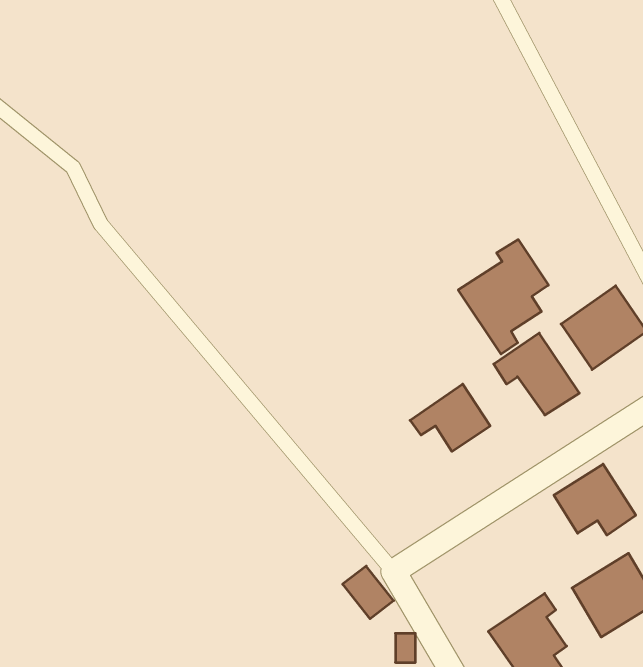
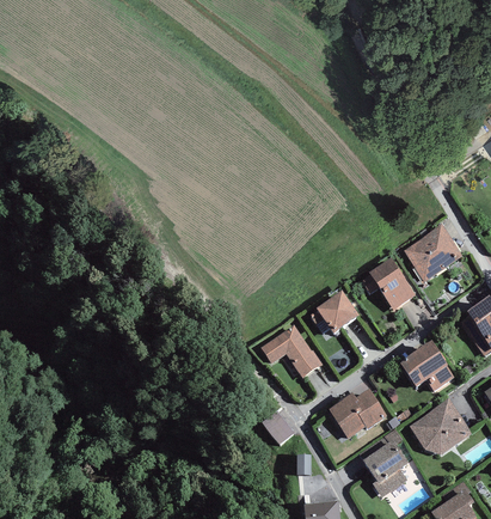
building: [458,240,548,354] -> none
building: none -> [258,324,321,378]
building: none -> [329,391,387,440]

